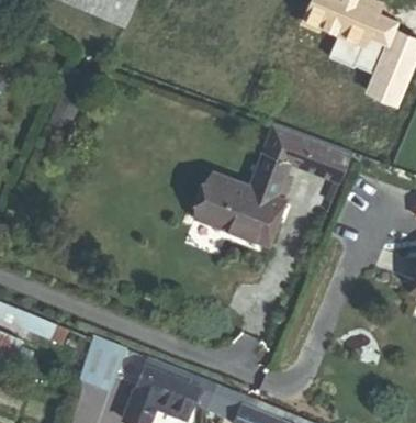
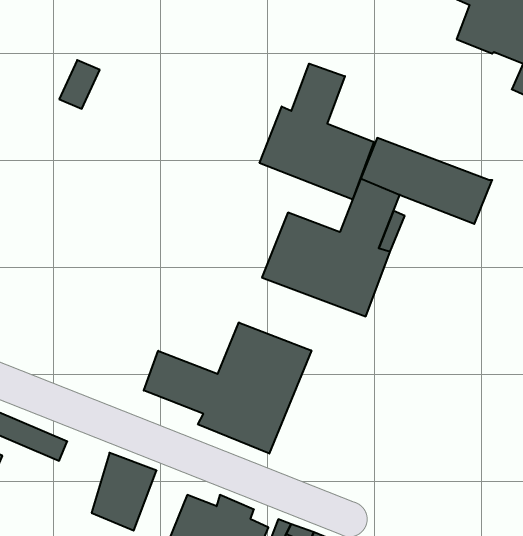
building: none -> [260,64,374,200]
building: none -> [144,322,311,454]

